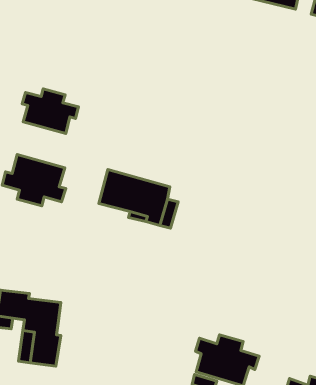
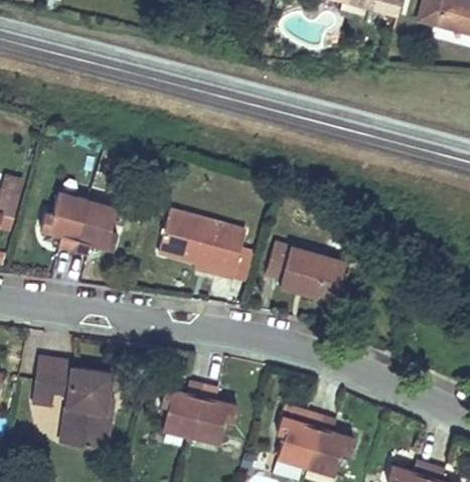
building: [22,89,78,133] -> none
building: none -> [267,243,346,301]
building: none -> [161,381,238,442]

